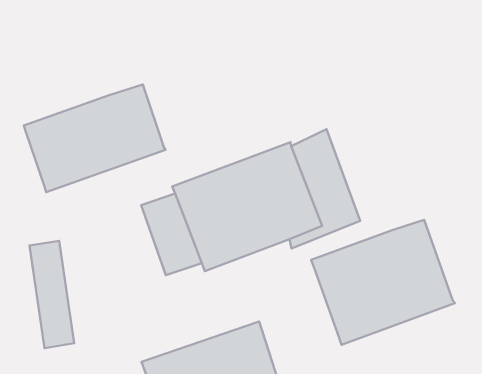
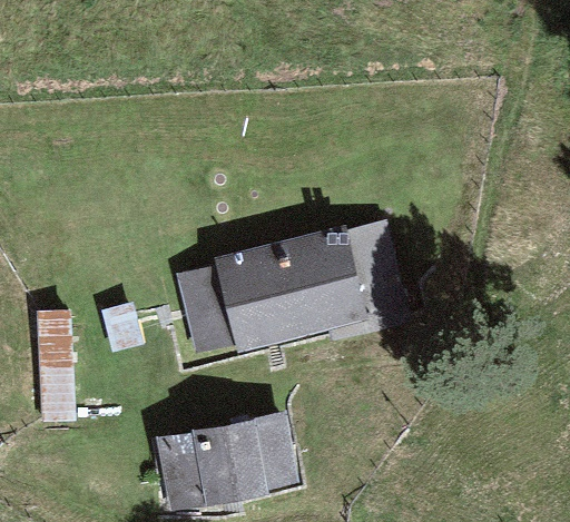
building: [24,84,166,192] -> none
building: [311,220,455,345] -> none

